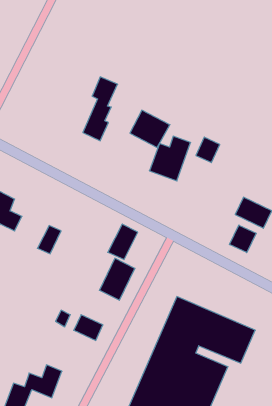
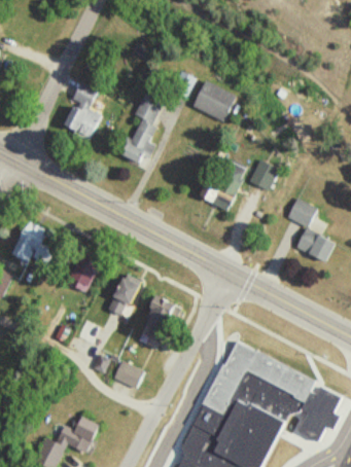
building: none -> [62,81,100,139]
building: [130,110,170,148] -> [192,80,238,122]
building: none -> [285,199,316,228]
building: [108,224,138,260] -> [106,278,140,318]
building: [230,225,256,253] -> none

